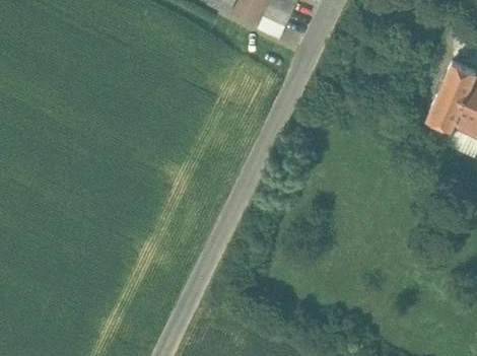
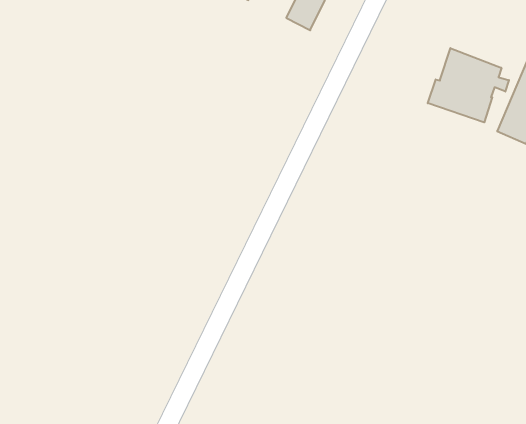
building: none -> [428,48,509,122]

